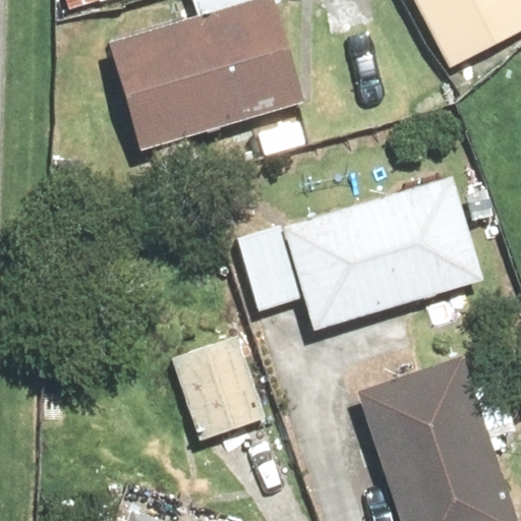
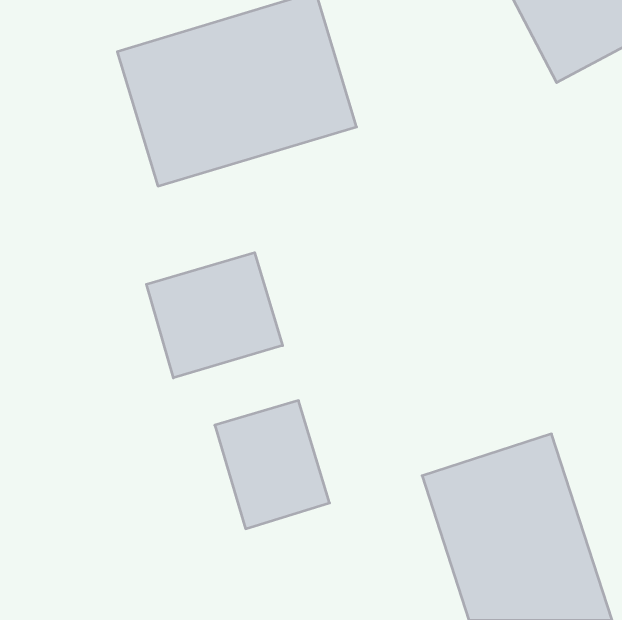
building: [280,176,483,329] -> none
building: none -> [146,253,283,378]

